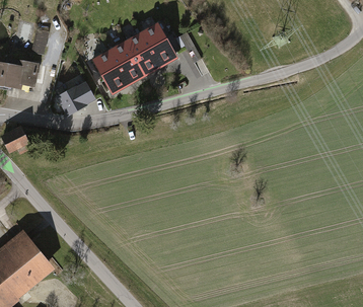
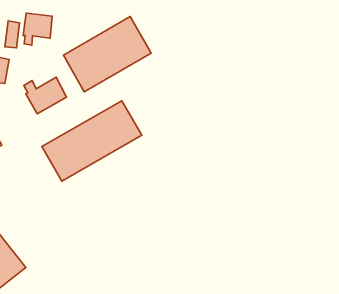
building: none -> [23,13,52,45]
building: none -> [42,101,142,181]

